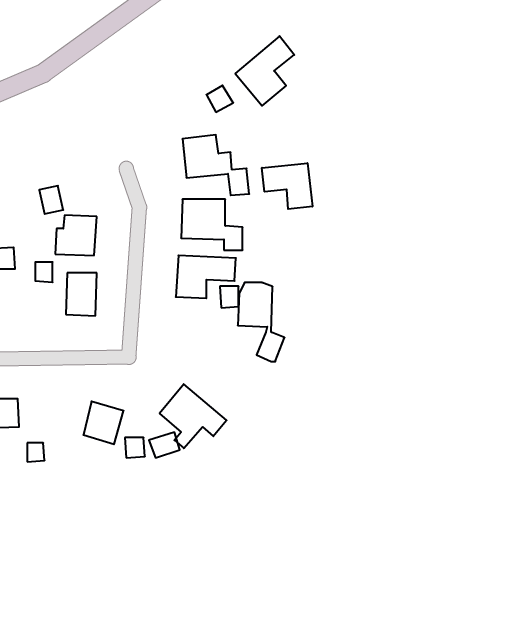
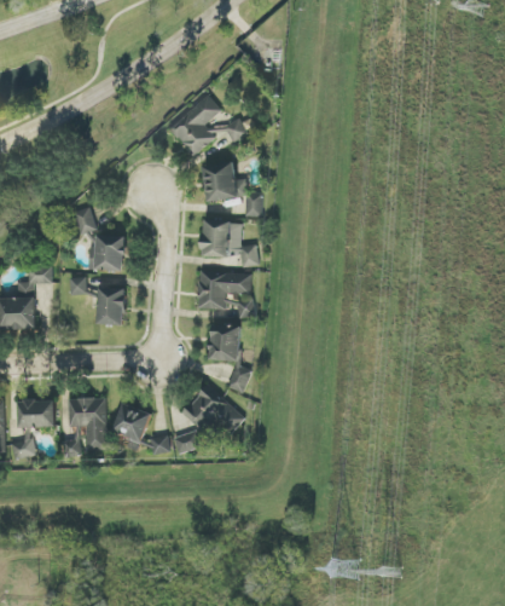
building: [235,36,294,106] -> [167,93,220,156]
building: [262,163,312,209] -> none
building: [238,283,285,362] -> [208,321,250,392]
building: none -> [65,398,106,451]

